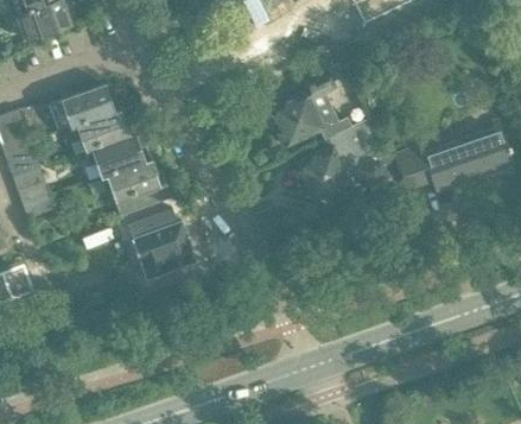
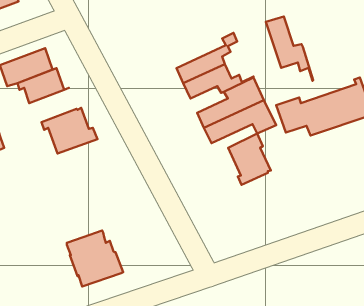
building: none -> [266,16,313,81]
building: [85,133,145,176] -> none
building: none -> [228,134,271,185]
building: [128,208,198,278] -> [67,230,123,286]

